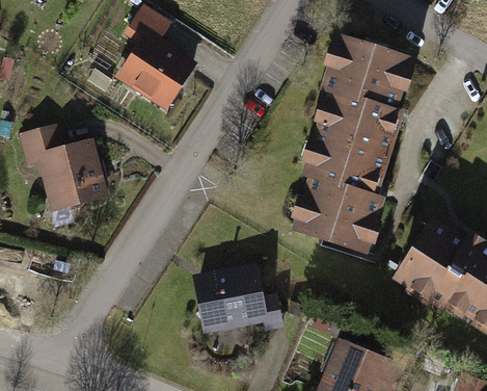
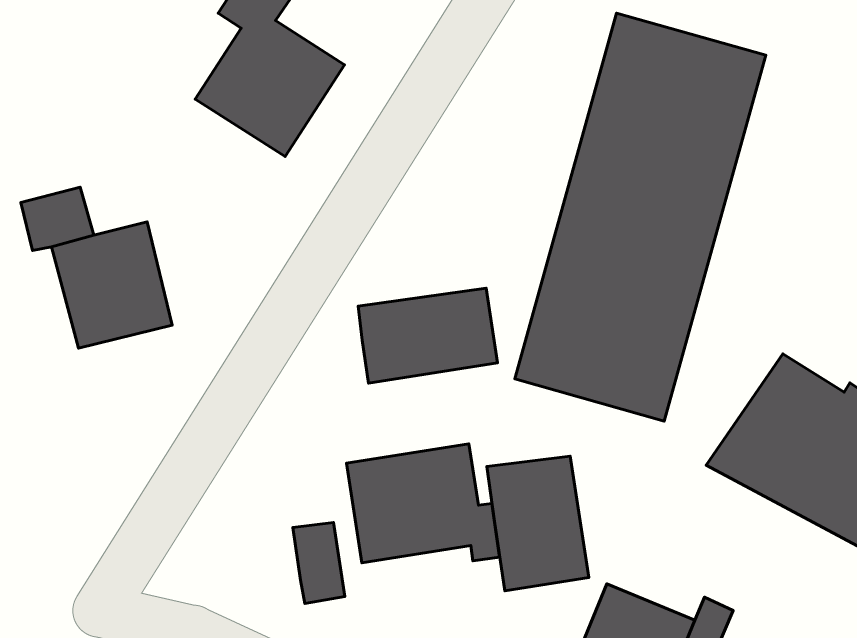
building: none -> [358,288,498,383]
building: none -> [487,456,589,591]
building: none -> [293,522,345,604]

